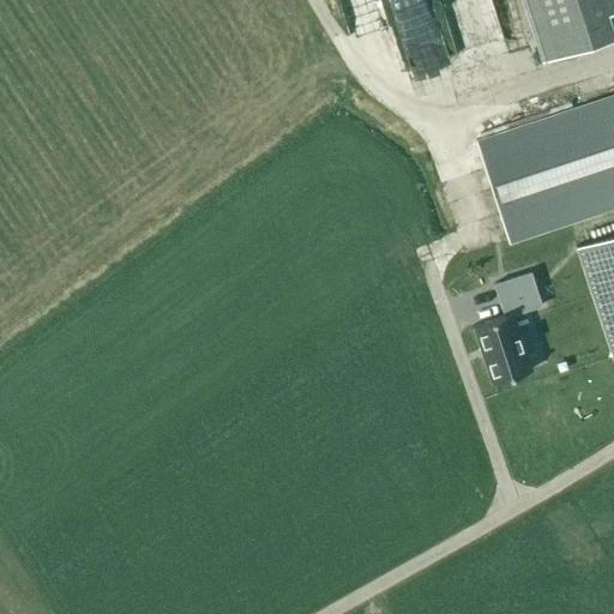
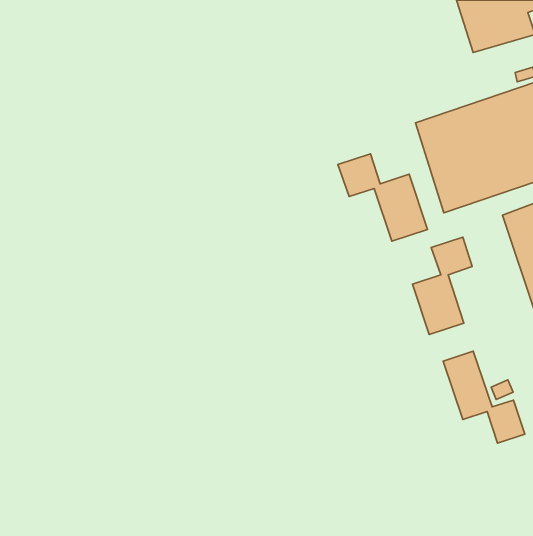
building: none -> [338,154,428,241]
building: none -> [443,351,525,443]

